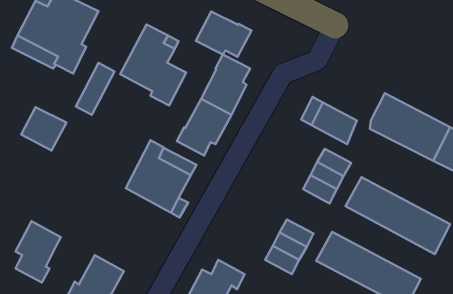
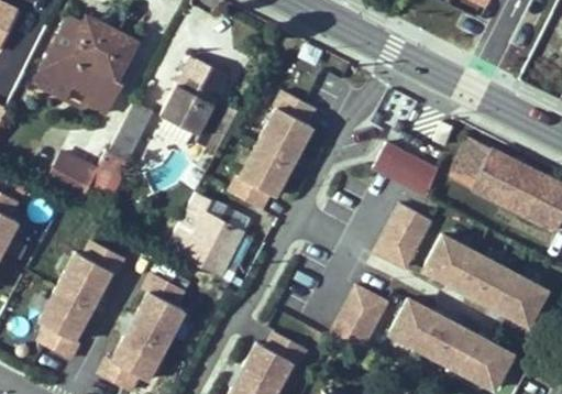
building: [196,11,251,57] -> none
building: none -> [89,153,128,199]
building: none -> [57,241,123,306]
building: none -> [131,273,184,346]

